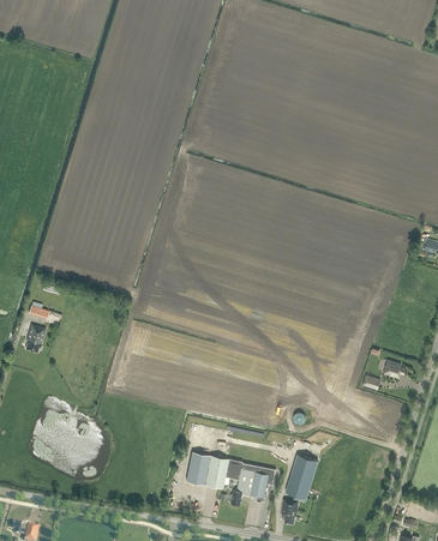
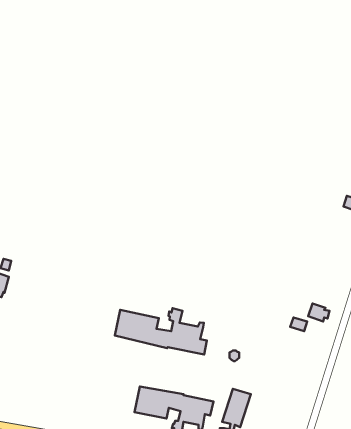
building: none -> [115,308,207,355]

